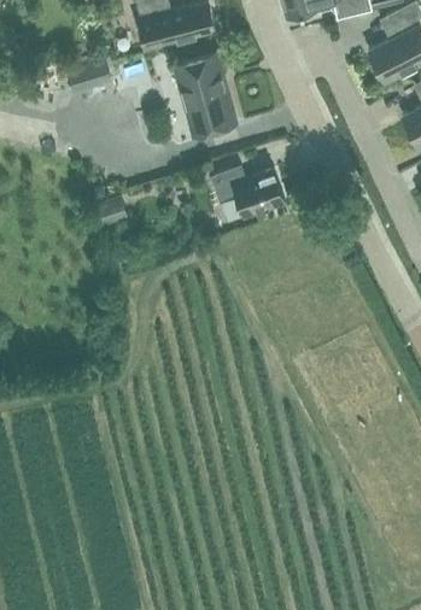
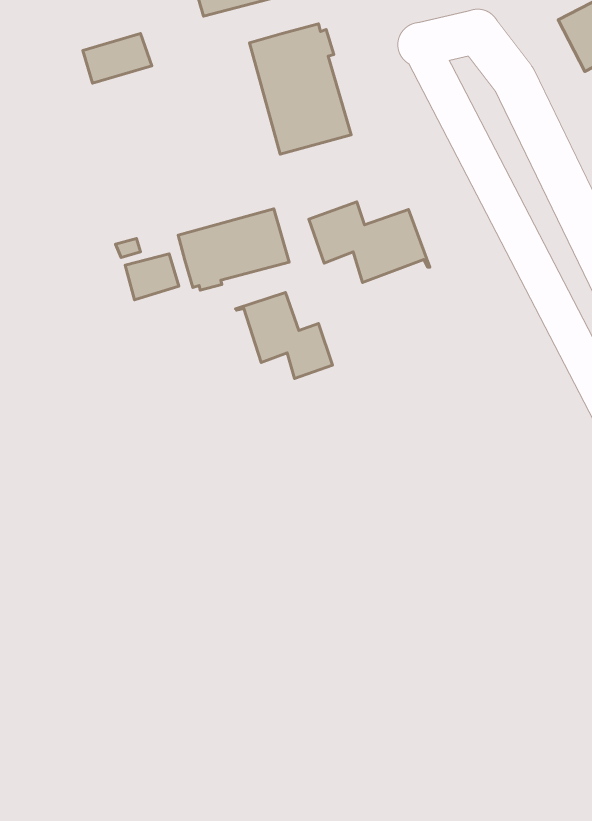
building: none -> [178,209,289,290]
building: none -> [236,292,333,378]

